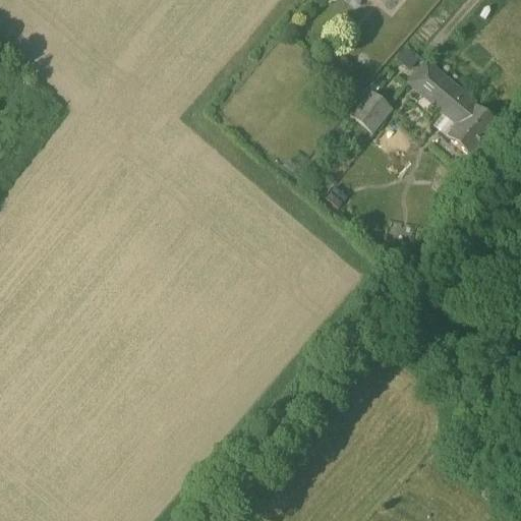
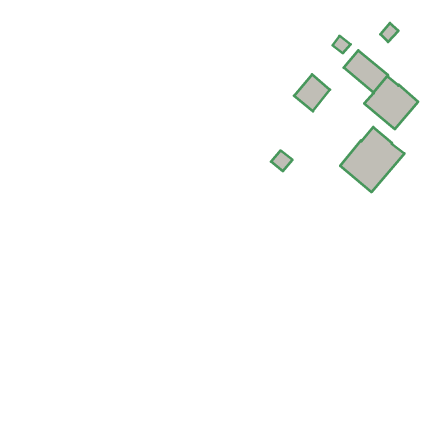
building: none -> [340,127,404,192]

